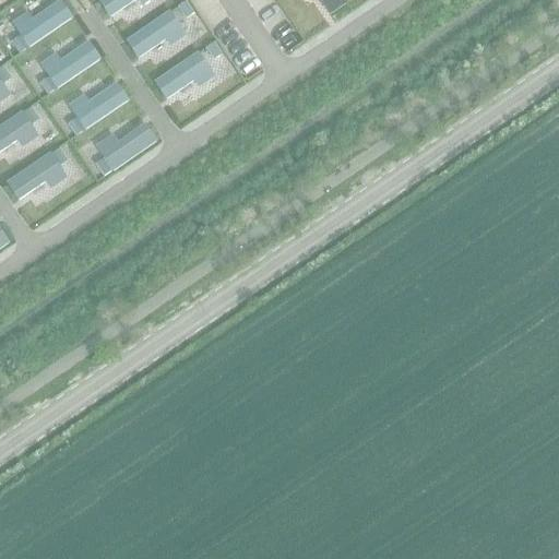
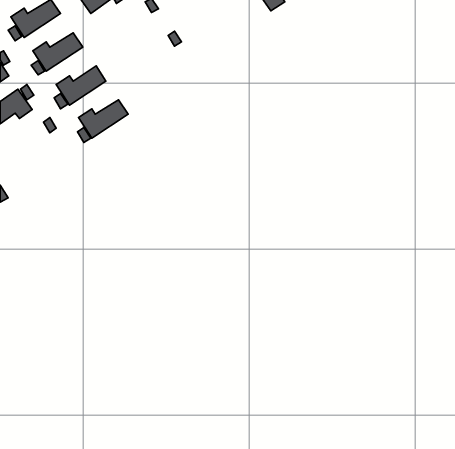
building: [127,9,188,57] -> none
building: [155,49,216,97] -> none
building: [7,151,68,199] -> none

